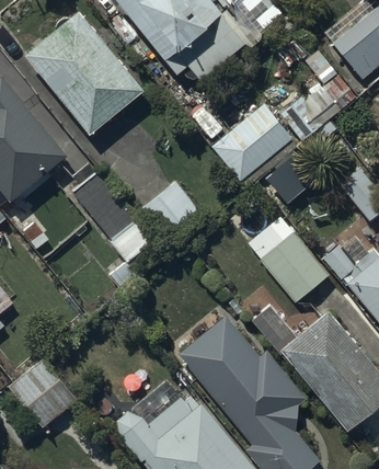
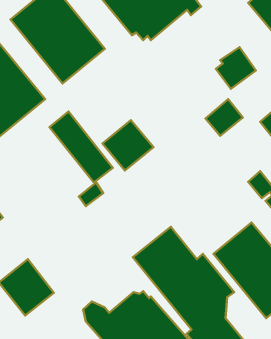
building: [210,104,299,190] -> none
building: [261,232,330,304] -> none

